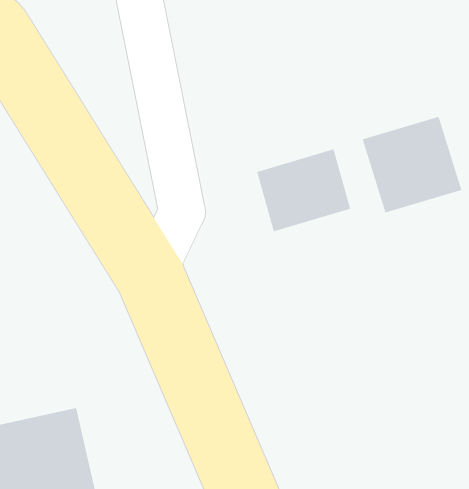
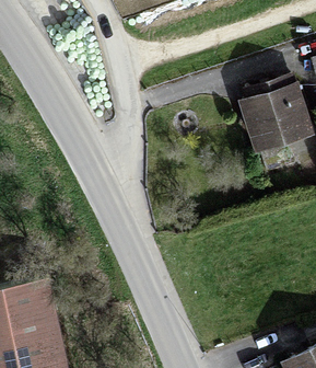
building: [256,149,351,232] -> none

